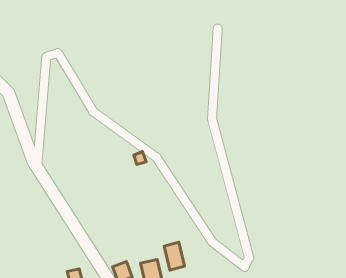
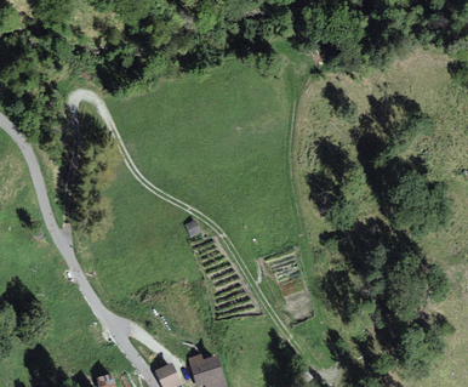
building: [164,242,184,270] -> none

